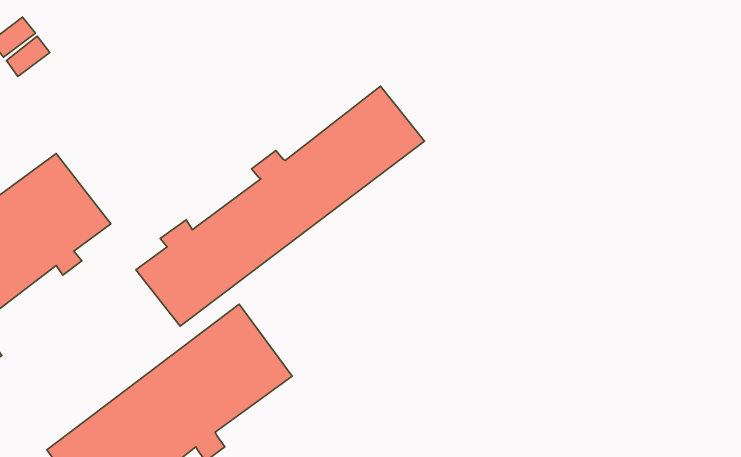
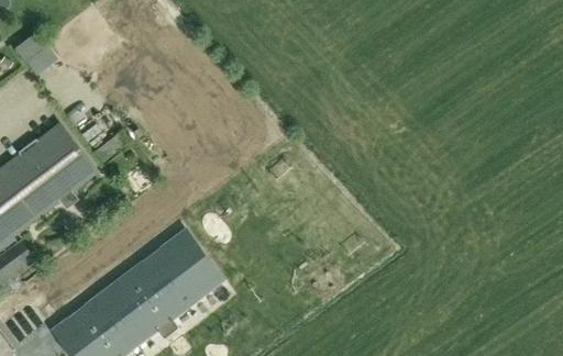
building: [136,86,425,326] -> none

